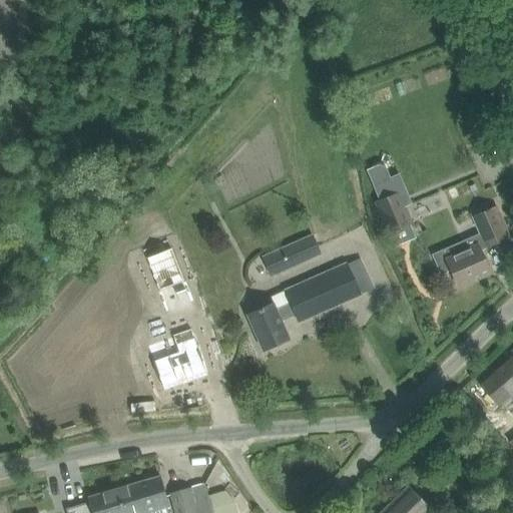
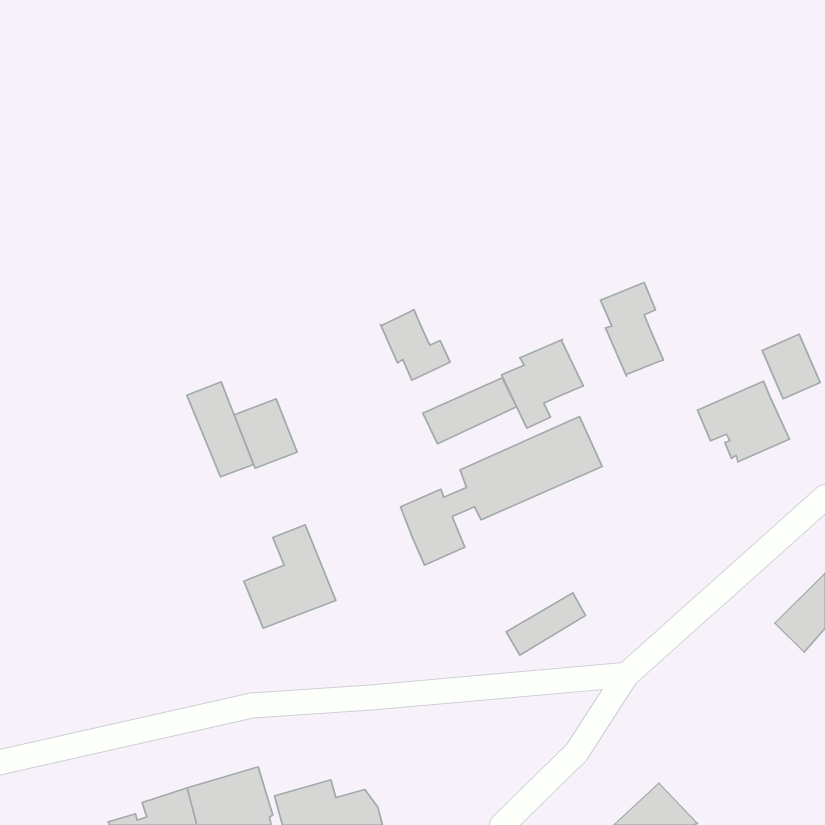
building: none -> [381,310,450,380]
building: none -> [502,339,583,428]
building: none -> [187,382,254,477]
building: none -> [506,593,585,655]

